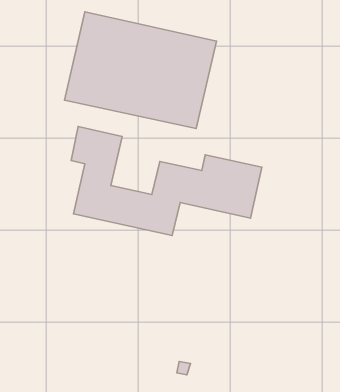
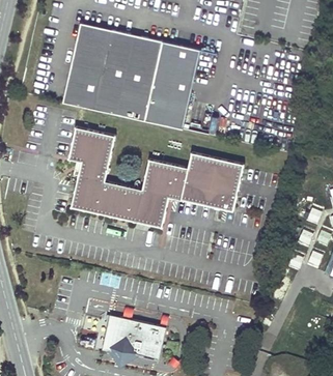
building: none -> [102,314,166,359]

